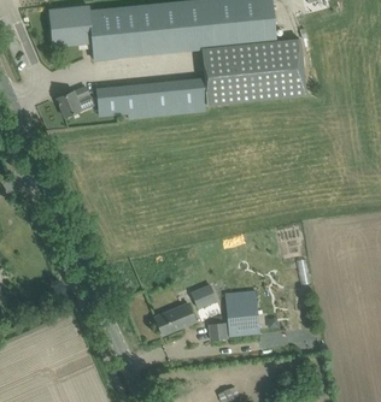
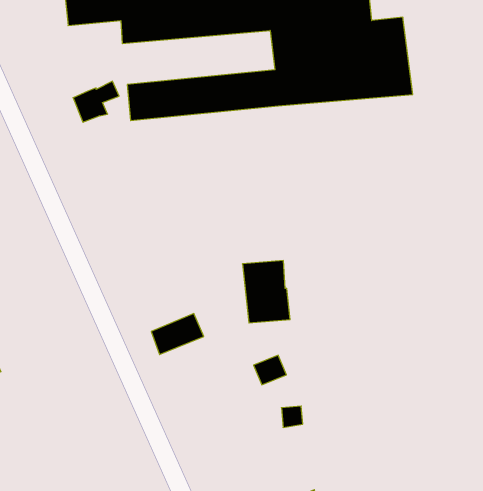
building: [224,291,259,337] -> [242,261,290,323]
building: [156,305,194,335] -> [151,314,204,355]

